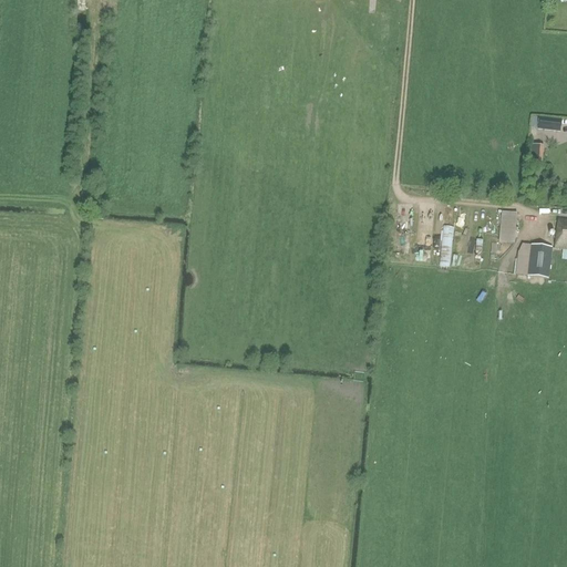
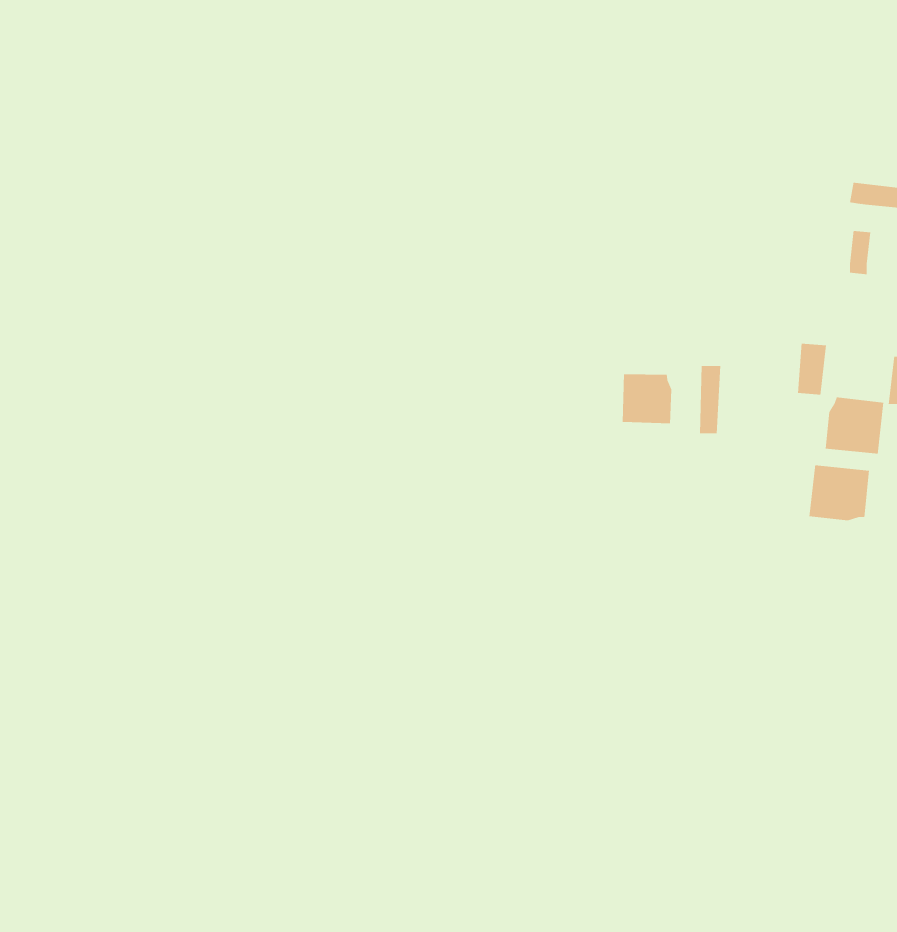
building: none -> [622,374,672,424]
building: none -> [809,464,869,521]

